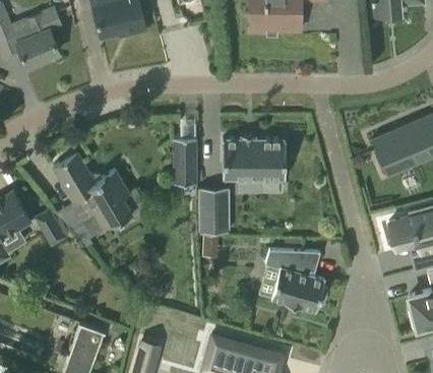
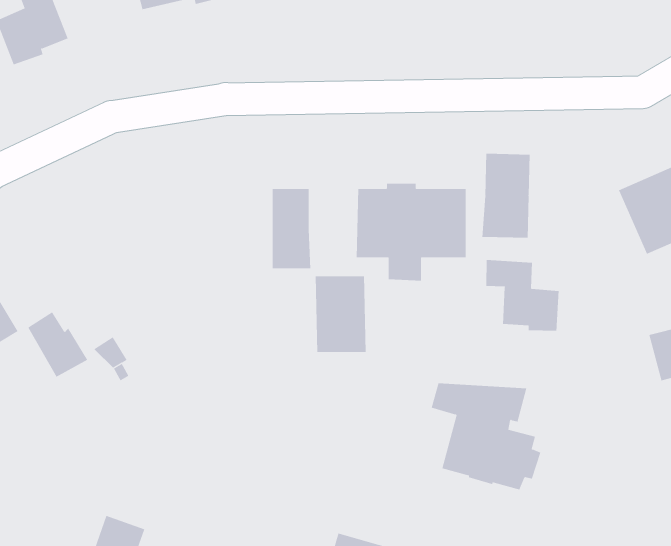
building: none -> [482,153,530,239]
building: [53,153,150,230] -> none
building: none -> [486,259,559,332]

